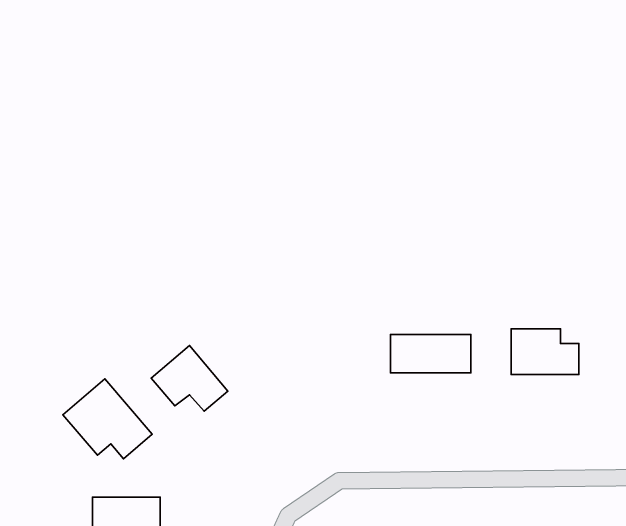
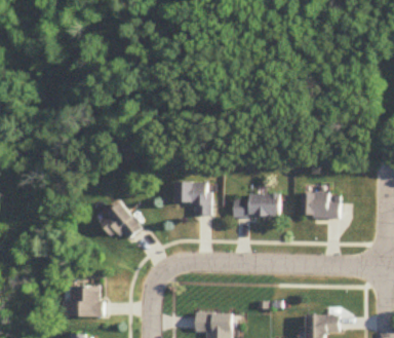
building: none -> [173,181,209,215]
building: [63,379,152,459] -> none

